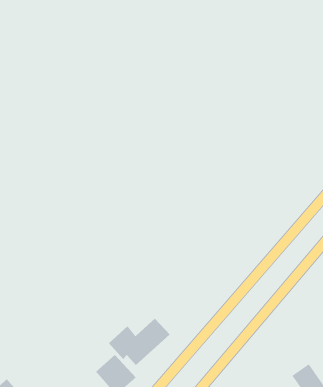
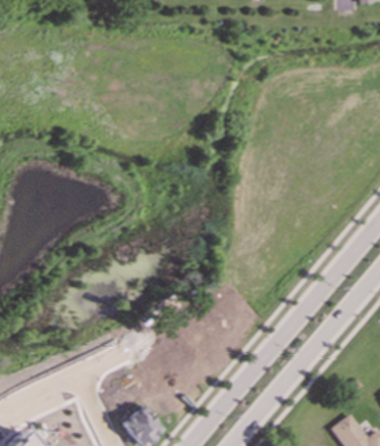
building: [108,318,170,366] -> none

